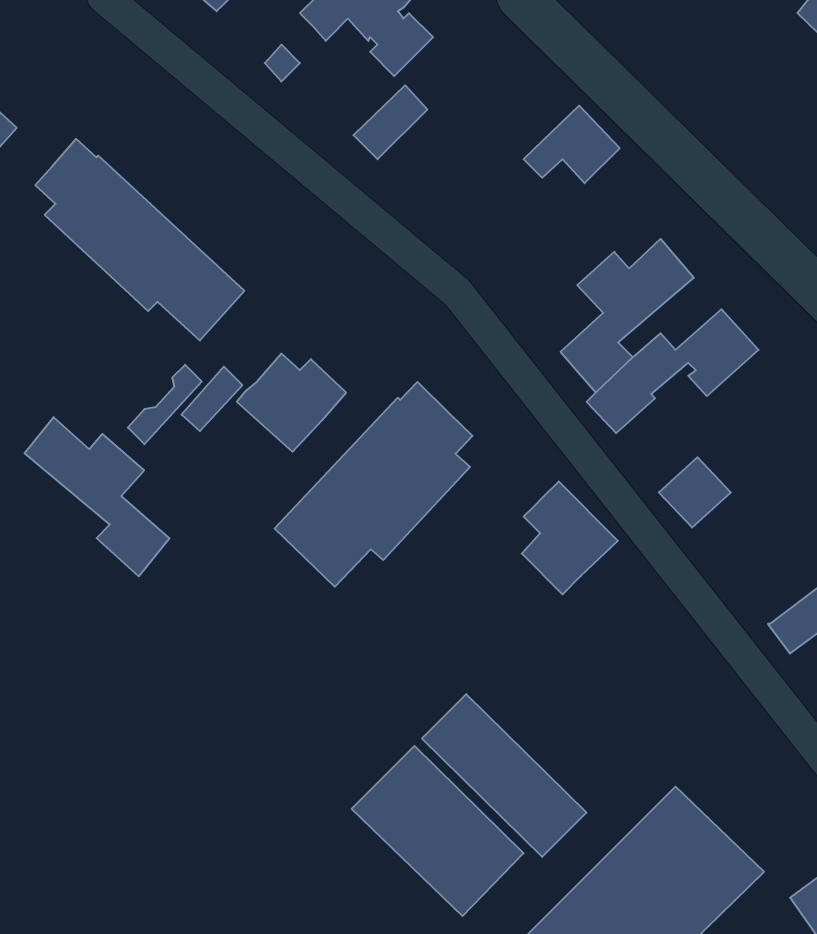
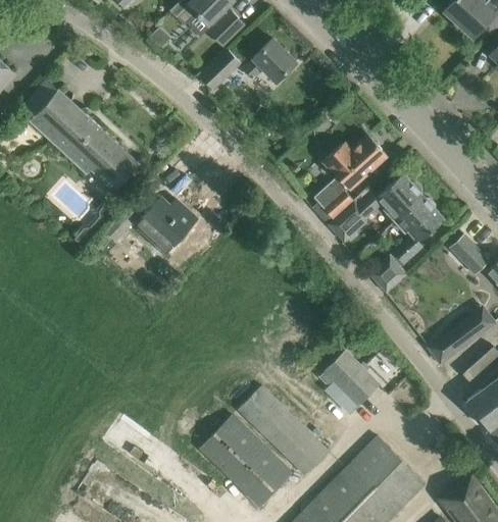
building: [524,106,620,183] -> [243,39,296,82]
building: none -> [393,196,444,264]
building: [275,382,473,587] -> none
building: [25,417,169,576] -> none
building: [522,481,618,594] -> [326,352,379,414]

